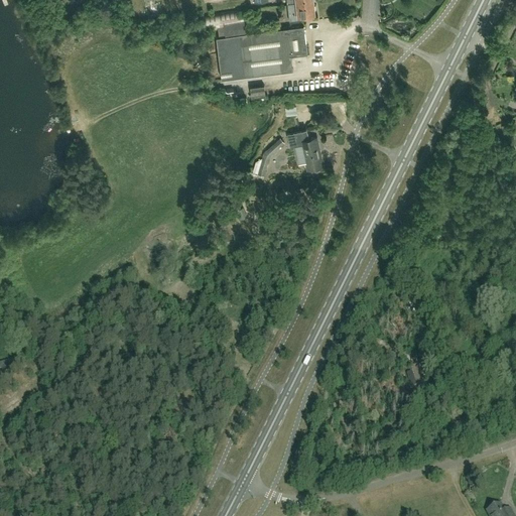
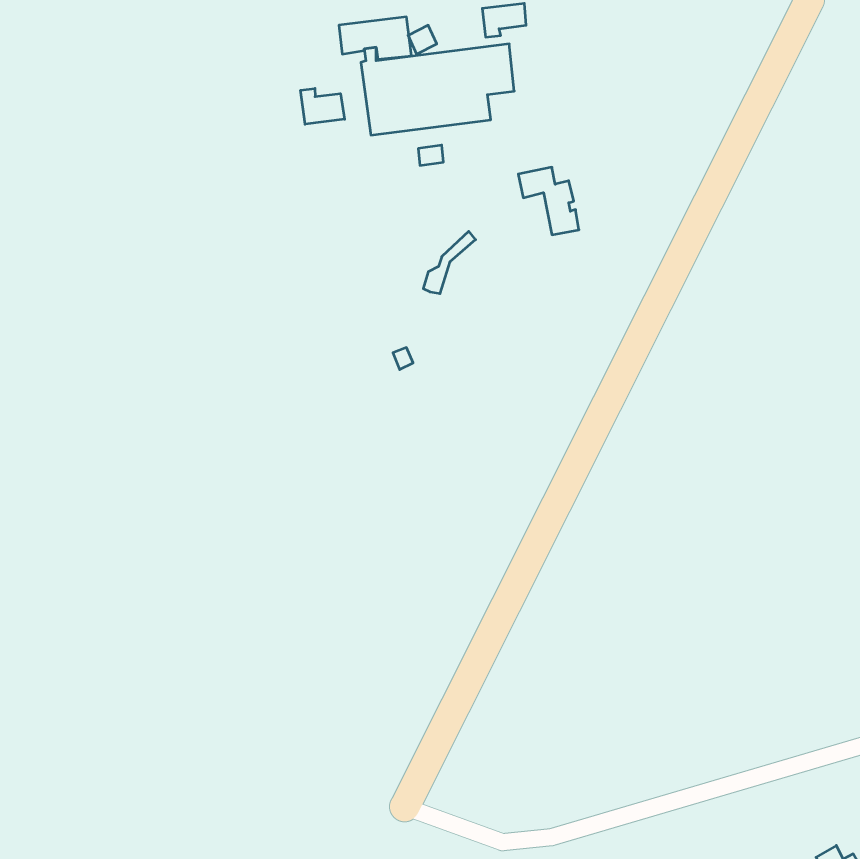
building: none -> [301,88,345,124]
building: [288,132,325,172] -> [518,167,579,235]

